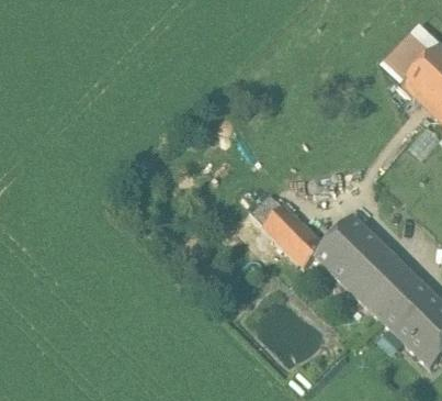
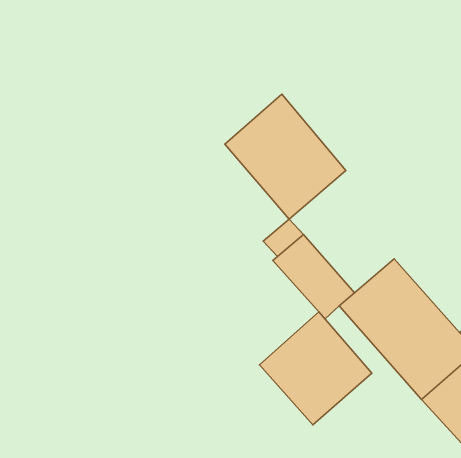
building: none -> [225,94,346,219]
building: none -> [260,312,372,425]

